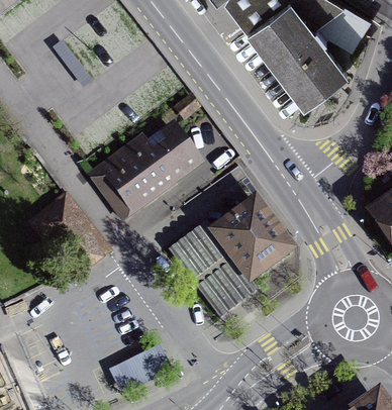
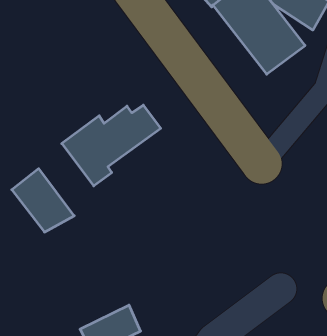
building: [172,203,289,310] -> none

